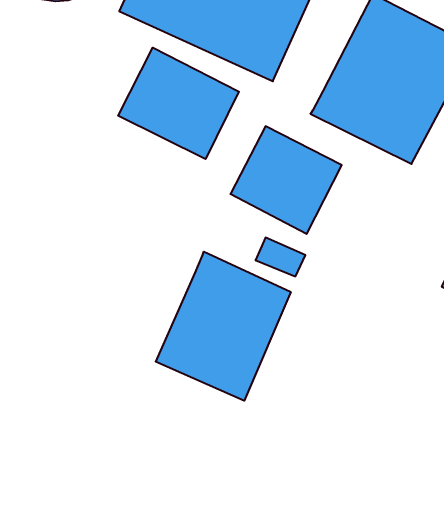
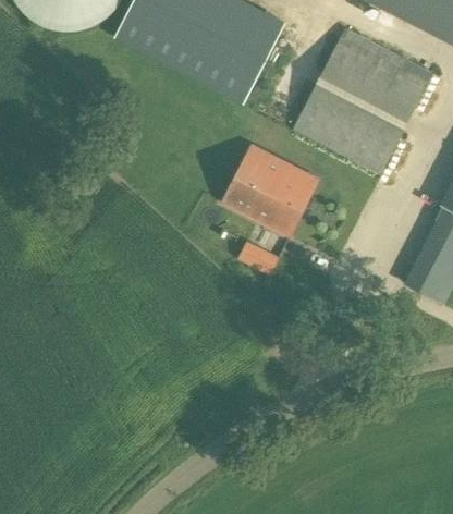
building: [118,48,239,159] -> none
building: [156,252,291,401] -> none

